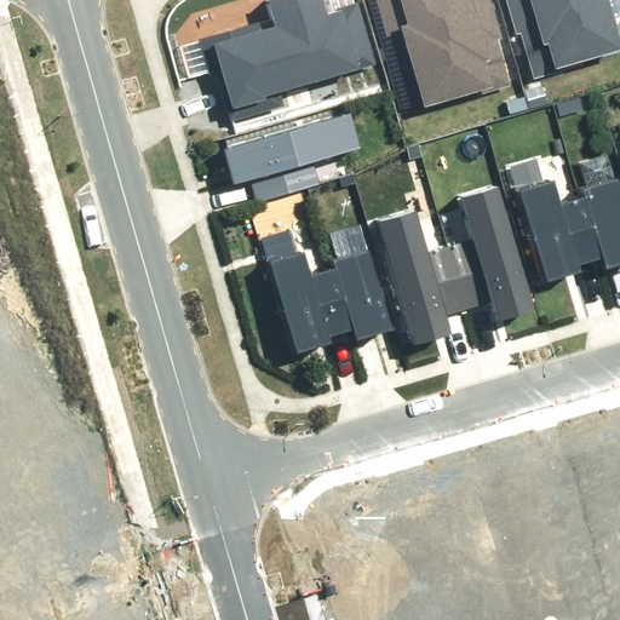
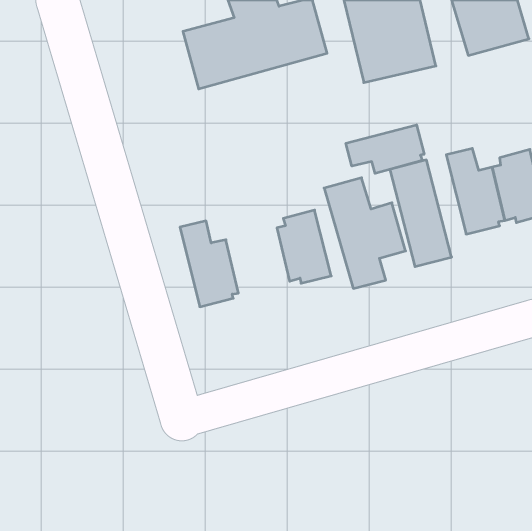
building: [231,116,363,189] -> none
building: none -> [346,125,424,173]
building: [270,246,338,345] -> [180,221,238,307]

